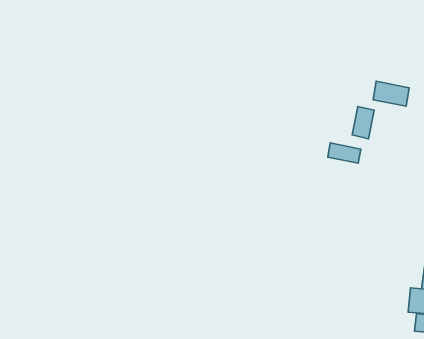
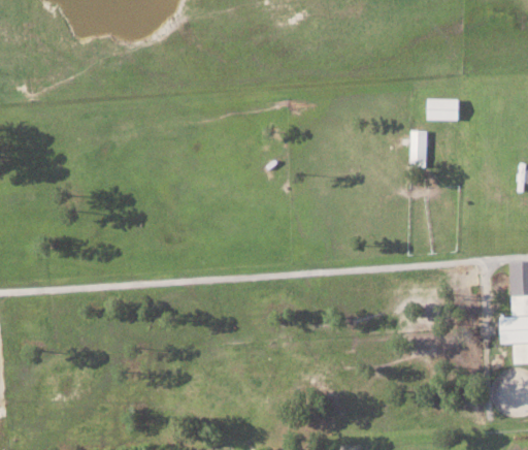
building: [328,143,361,163] -> none

